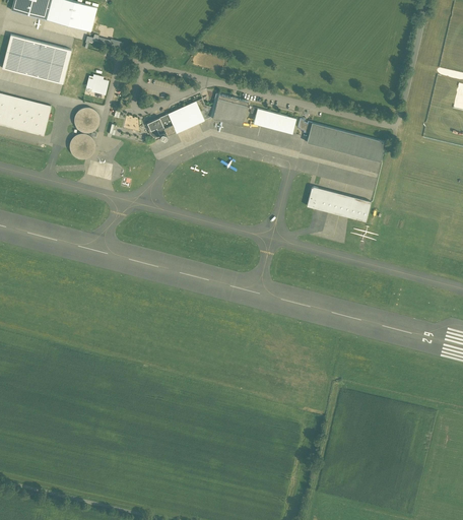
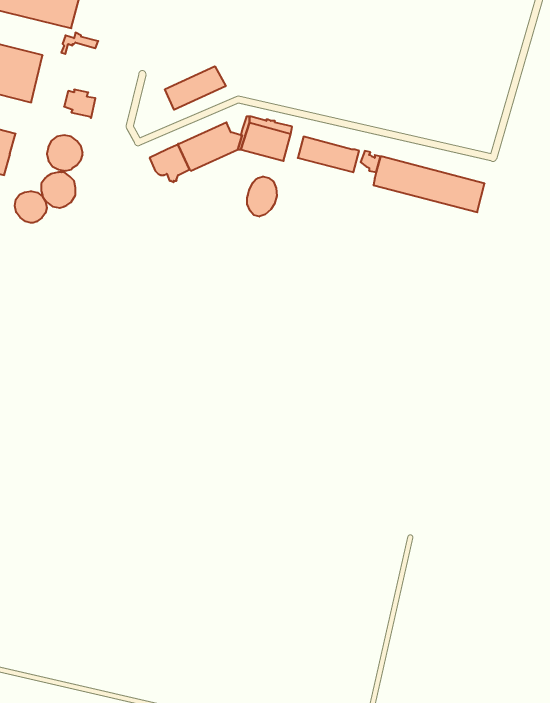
building: none -> [165,66,226,110]
building: none -> [247,176,277,217]
building: none -> [15,191,47,223]
building: [306,186,370,220] -> none

